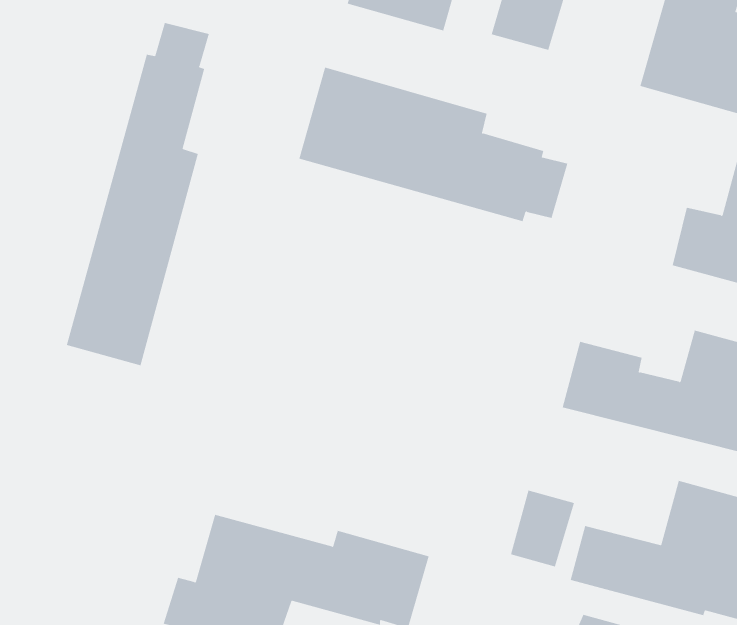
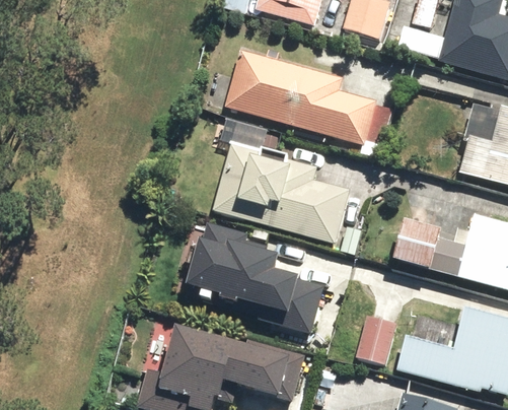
building: [66,22,210,366] -> none
building: none -> [213,141,352,243]
building: none -> [182,221,324,333]

